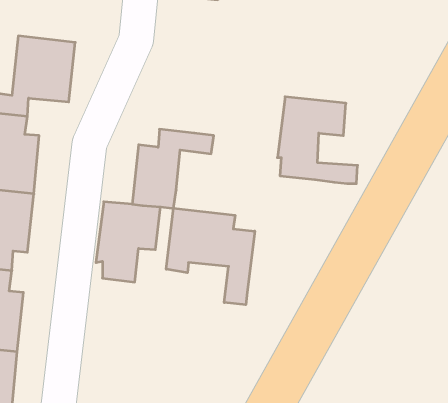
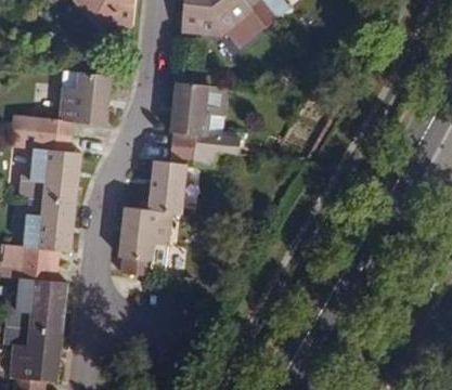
building: [277,97,358,184] -> [172,80,240,153]
building: [166,208,255,305] -> none

